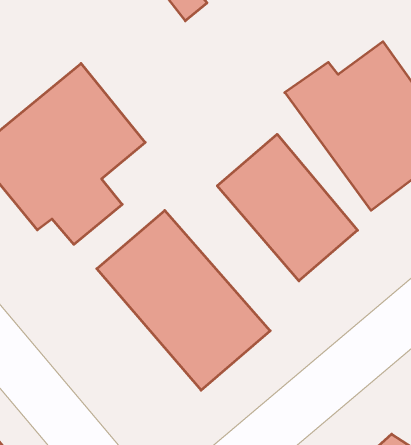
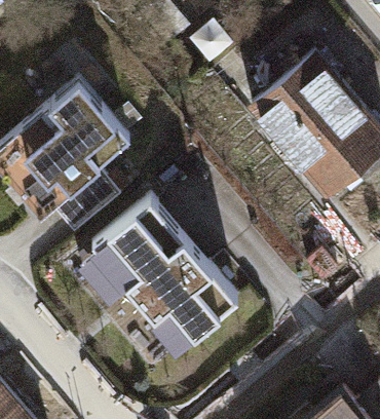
building: [217,134,358,281] -> none

